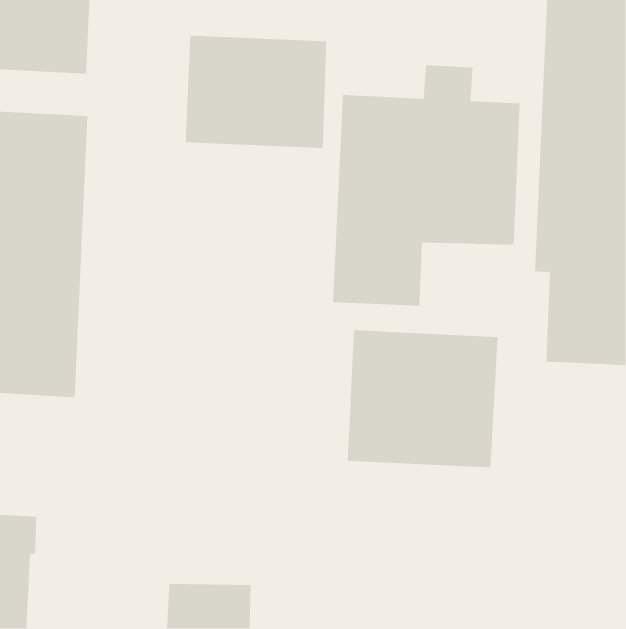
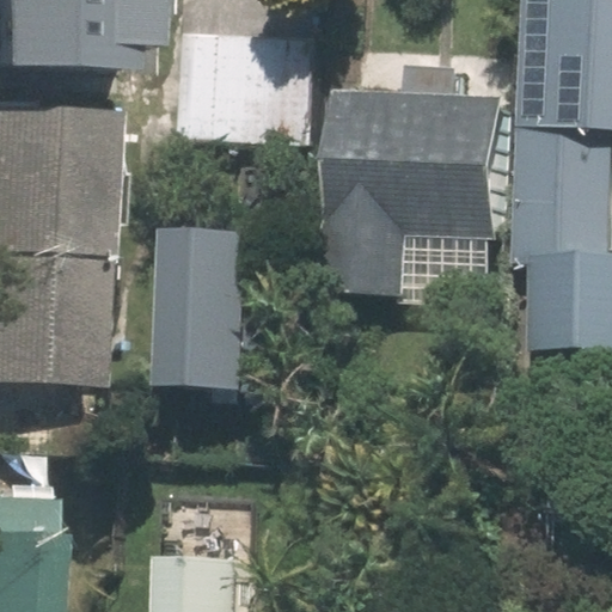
building: none -> [163,226,280,396]
building: [347,329,498,468] -> none

